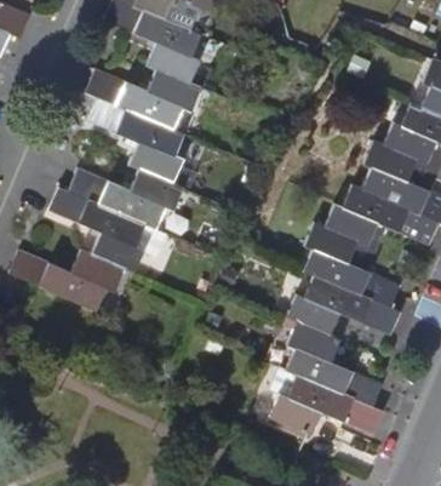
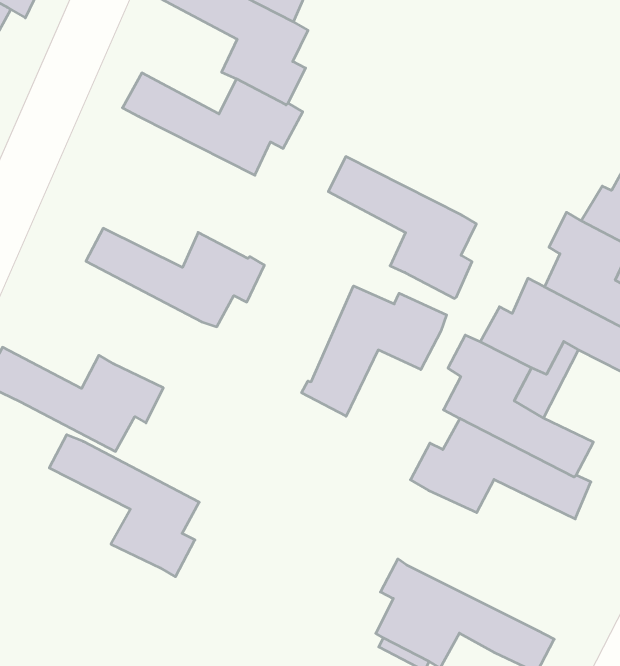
building: [87,97,183,183] -> [328,157,476,298]
building: [48,188,145,274] -> [49,435,199,577]
building: none -> [302,286,447,416]
building: [286,324,383,408] -> none

